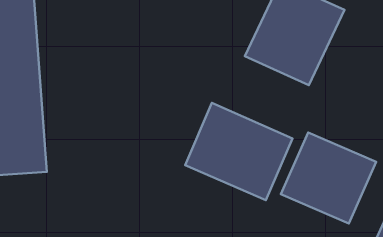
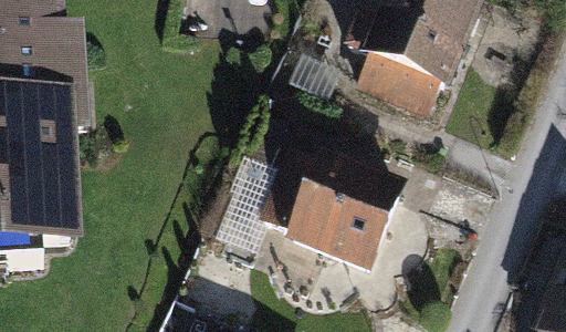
building: [281,133,376,223] -> none

